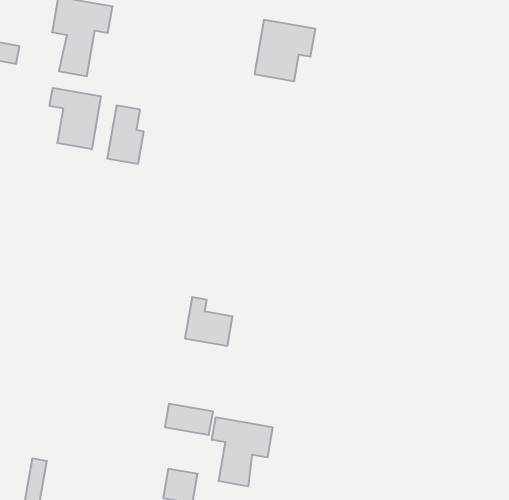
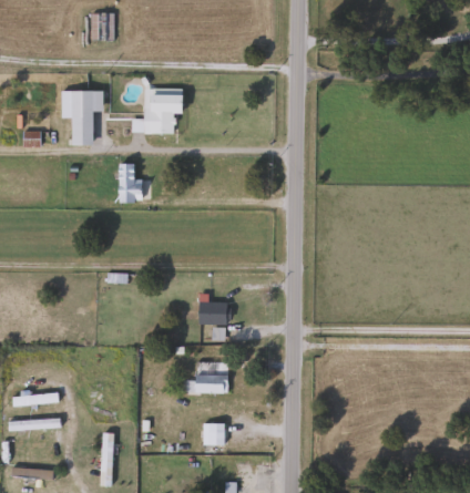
building: [255,20,315,81] -> [144,93,183,134]
building: [50,88,101,149] -> none
building: [212,417,273,486] -> none

